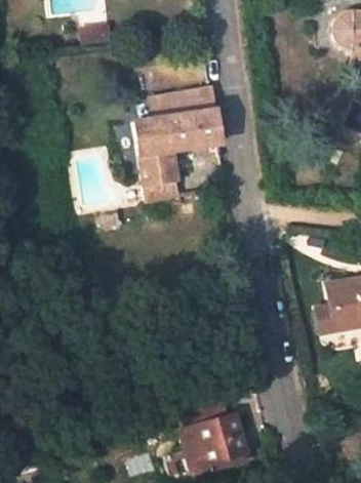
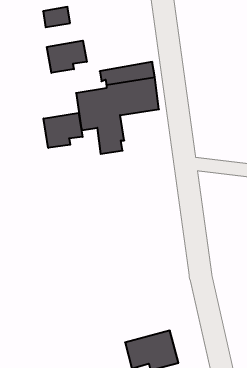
building: none -> [47,41,87,73]
building: none -> [44,113,83,148]

